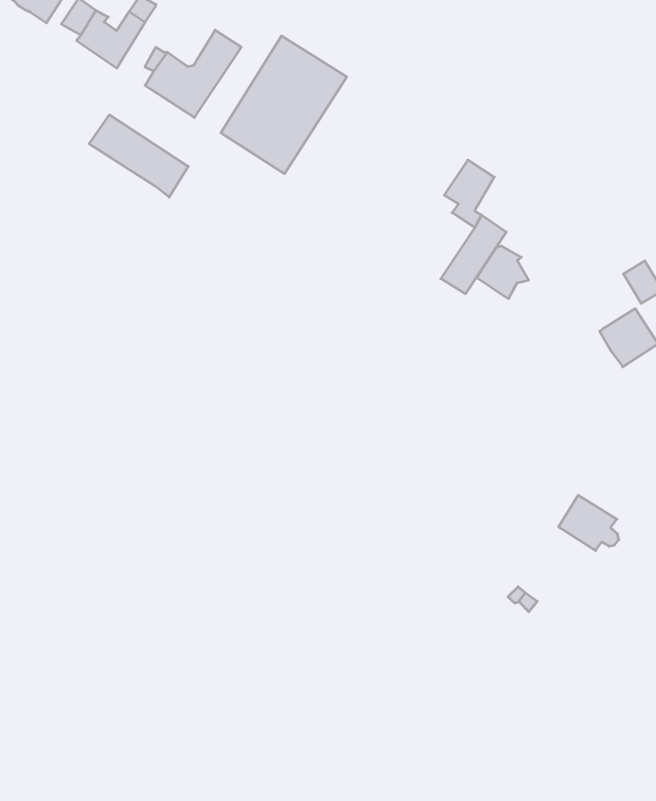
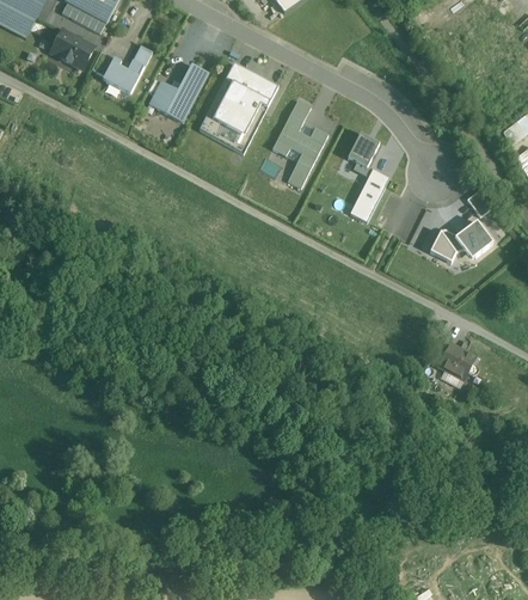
building: [89,115,188,197] -> none
building: none -> [272,115,327,176]
building: [477,246,529,299] -> [430,227,463,261]

